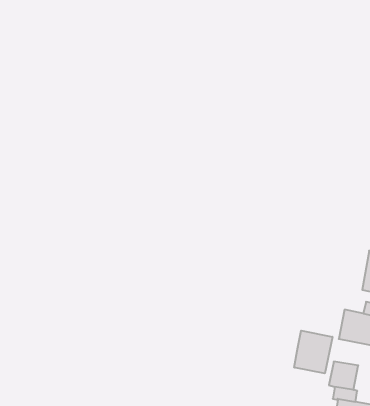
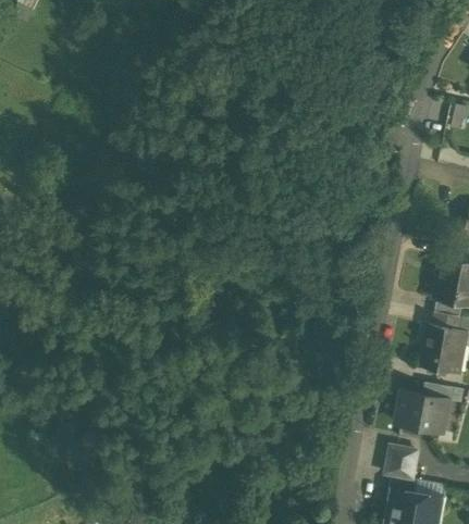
building: [294,331,332,373] -> none

